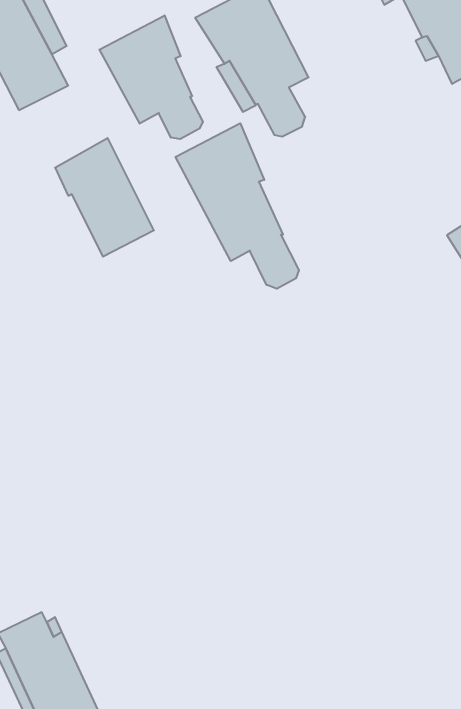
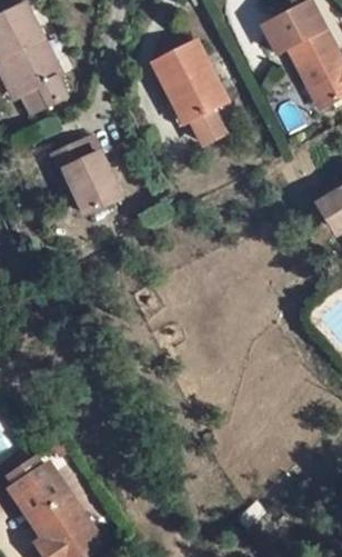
building: [99,15,203,139] -> none
building: [176,123,299,289] -> none

